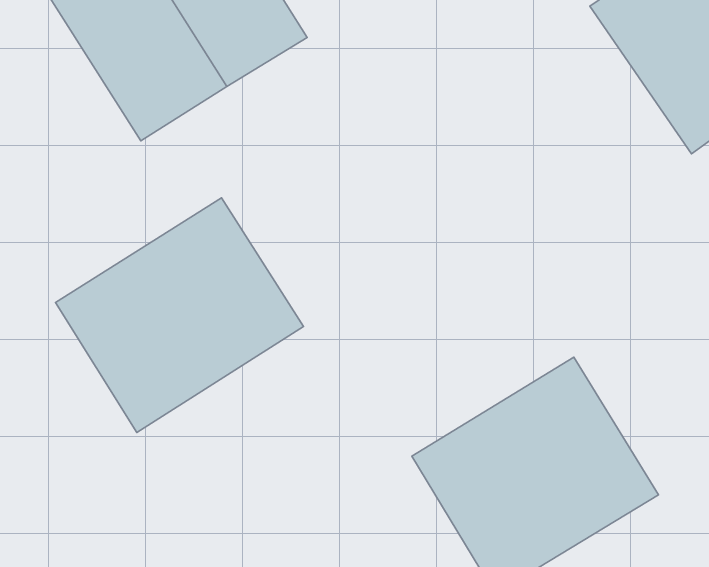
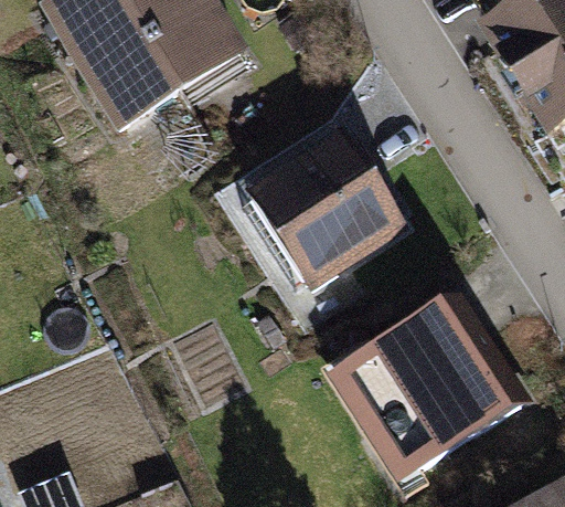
building: none -> [248,129,401,284]
building: [55,198,304,433] -> none

